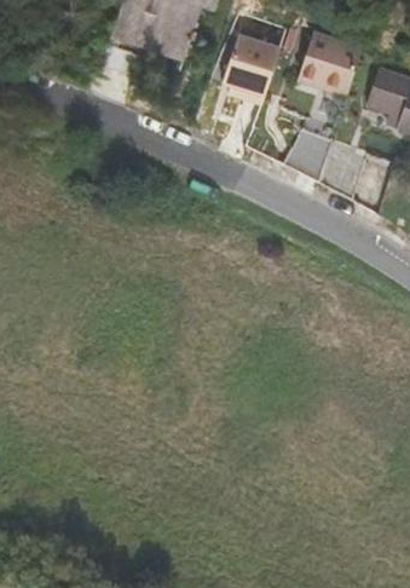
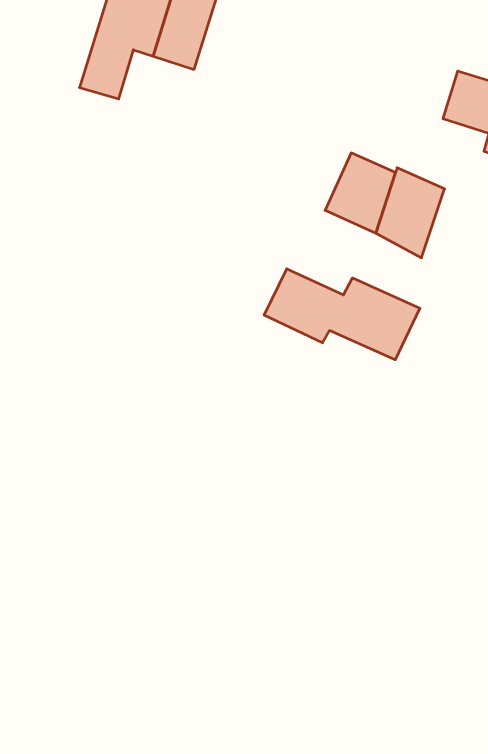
building: [221,25,282,98] -> none
building: [296,28,362,93] -> none
building: none -> [264,269,420,360]

